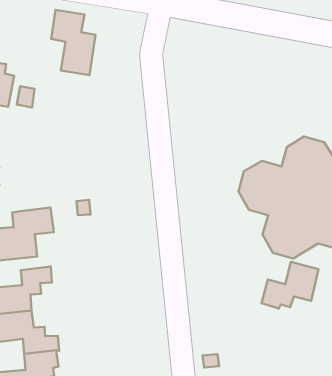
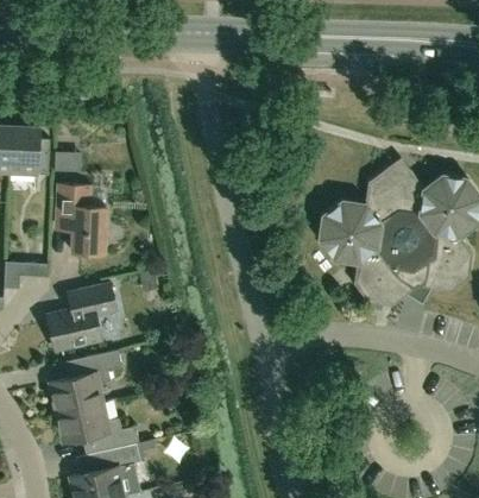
building: [51,10,96,75] -> [56,184,106,253]
building: [261,262,318,308] -> none

